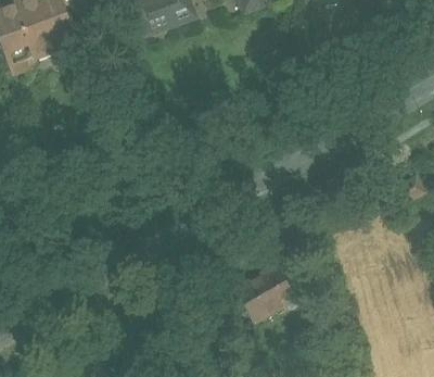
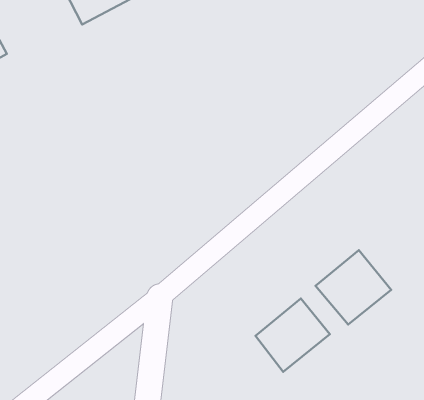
building: none -> [315,250,391,324]

